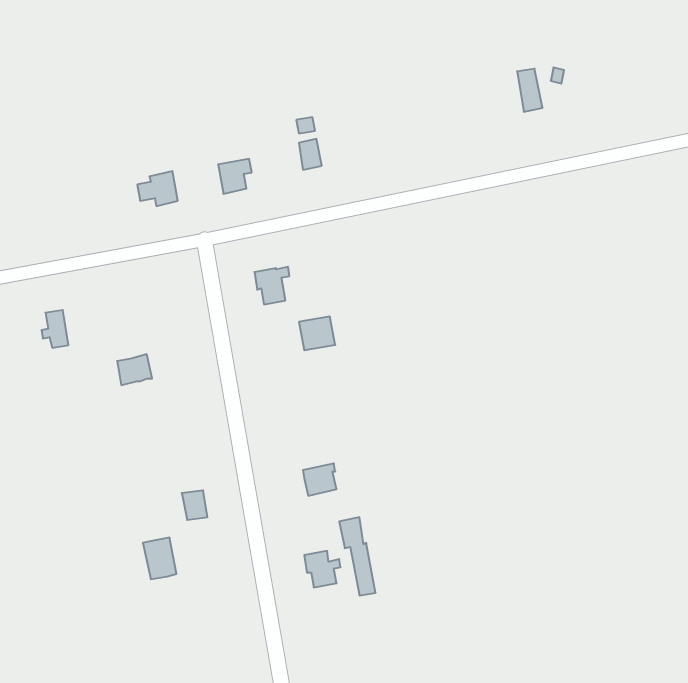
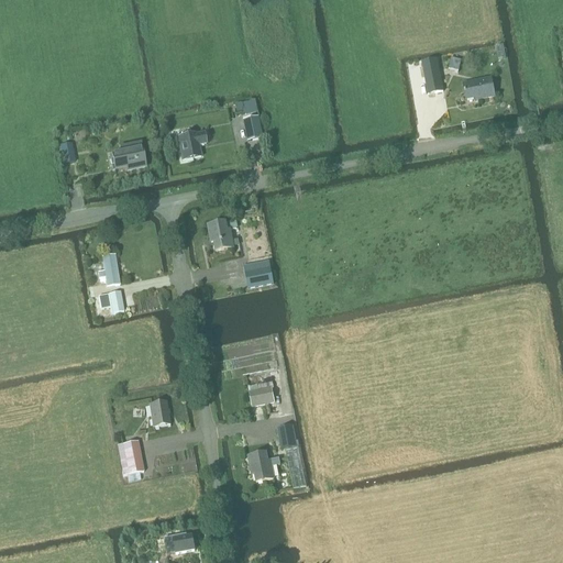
building: none -> [463,75,495,97]
building: [41,310,68,348] -> [98,253,120,284]
building: none -> [164,531,195,552]

